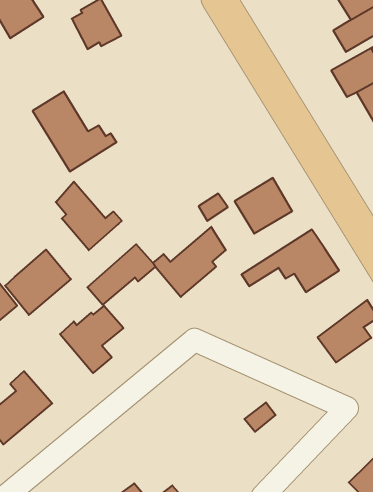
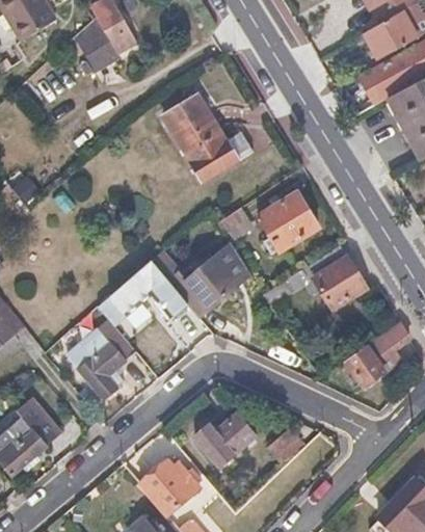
building: [33,91,117,171] -> [162,97,251,182]
building: [56,182,122,250] -> none
building: [5,250,71,315] -> none
building: none -> [193,414,257,467]
building: none -> [137,461,203,515]

